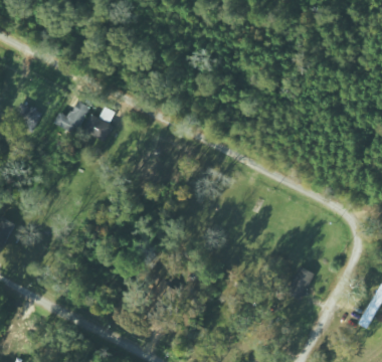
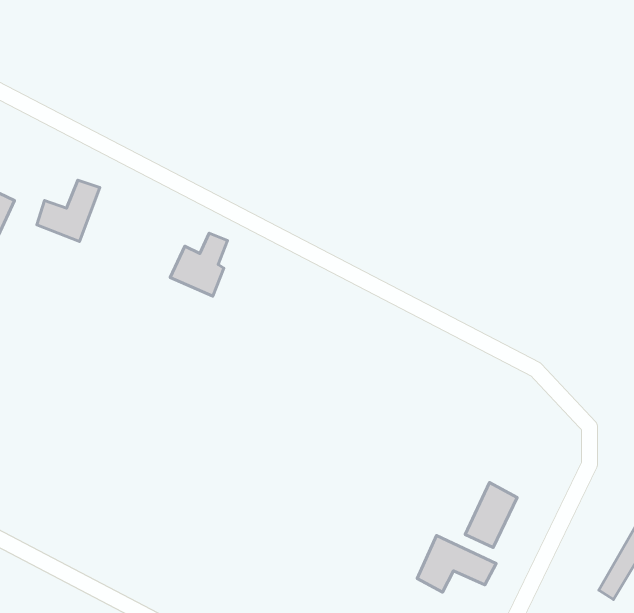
building: [81,107,113,141] -> [170,233,228,296]
building: none -> [417,536,496,592]

